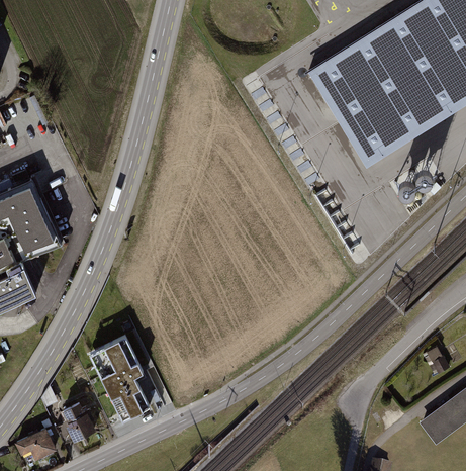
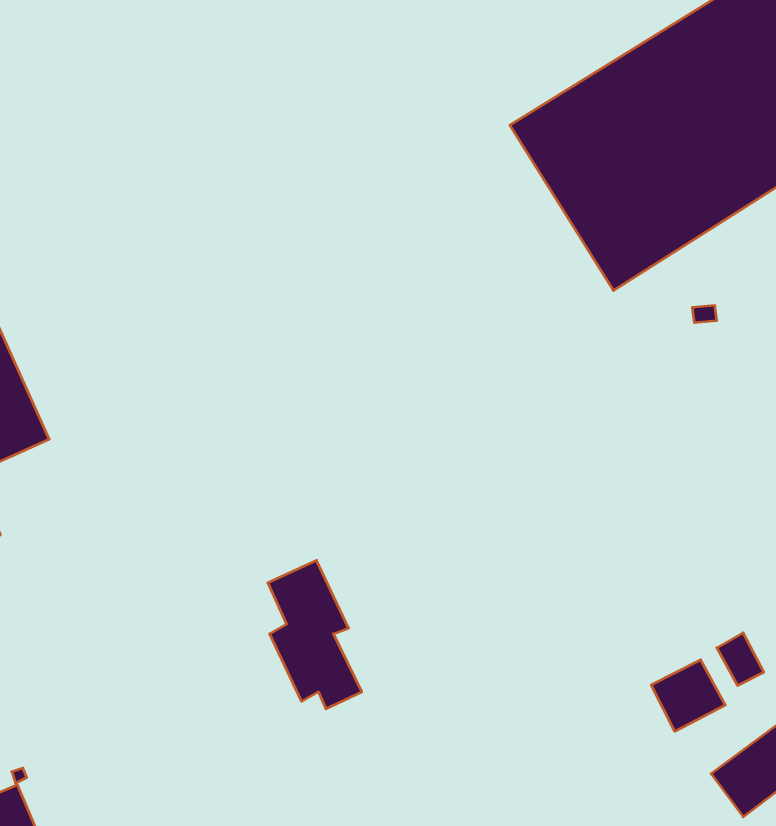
building: [100,336,151,415] -> [268,560,362,709]
building: none -> [651,660,725,731]
building: [62,404,94,442] -> none

